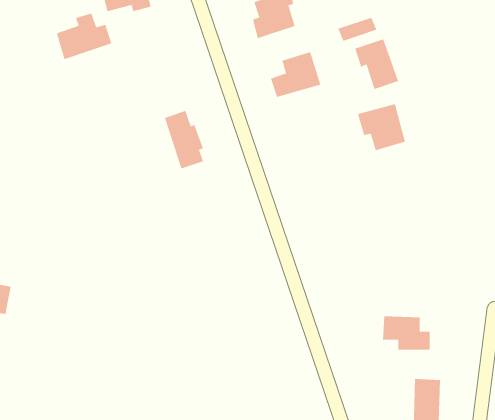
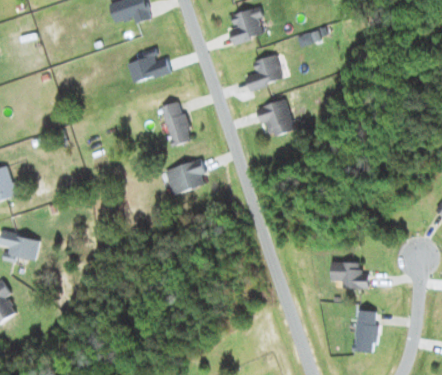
building: [56,13,112,60] -> [127,47,171,84]
building: [355,38,399,90] -> none
building: [357,104,406,151] -> [255,99,293,136]
building: none -> [164,158,205,196]

